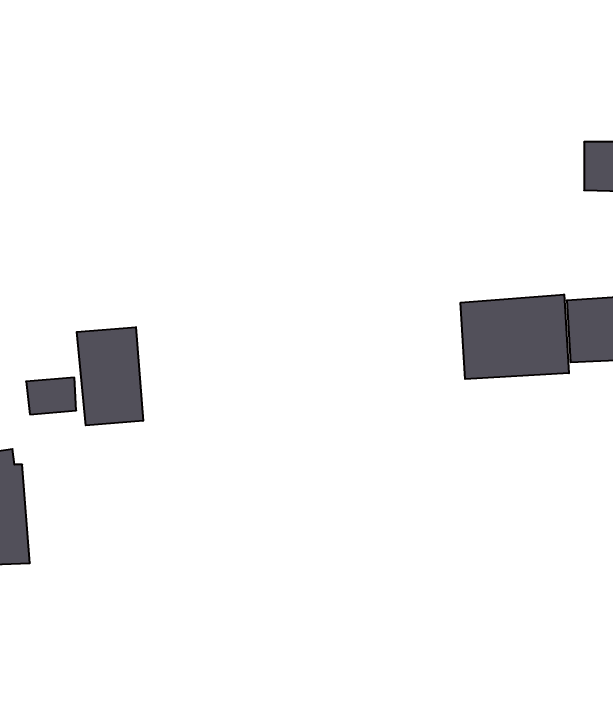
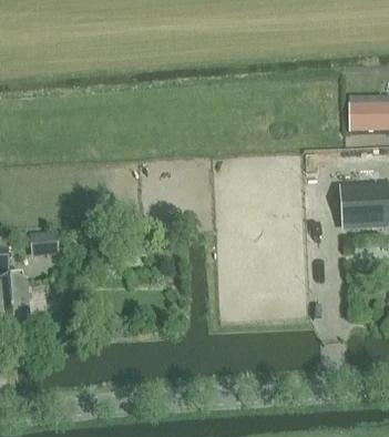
building: [461,294,569,379] -> none
building: [77,327,143,425] -> none

